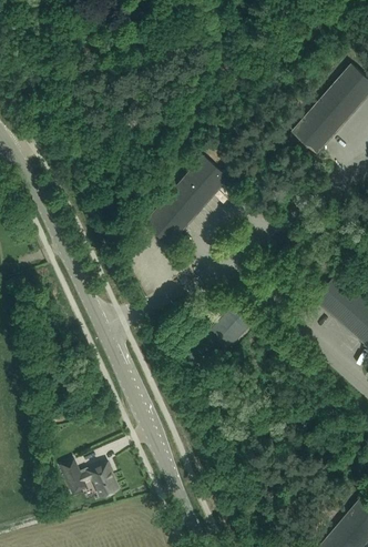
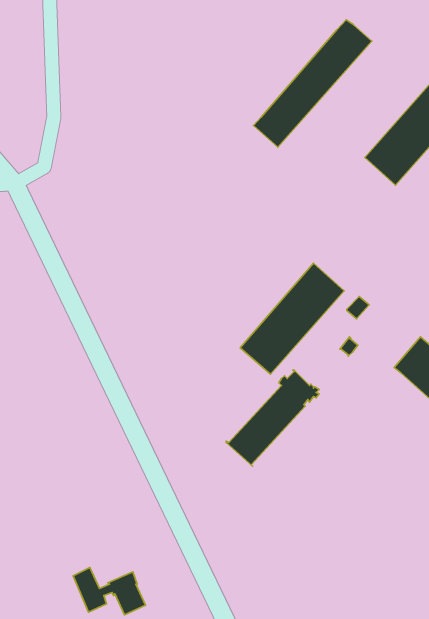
building: none -> [254,20,372,147]
building: [144,155,227,244] -> [240,263,344,374]

